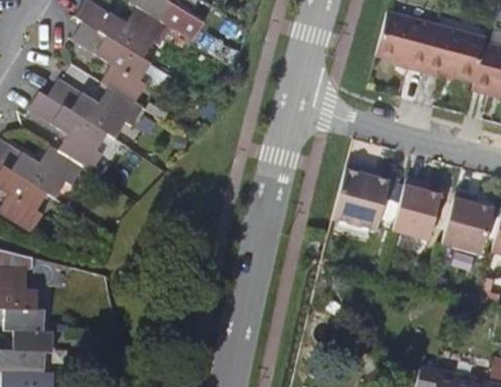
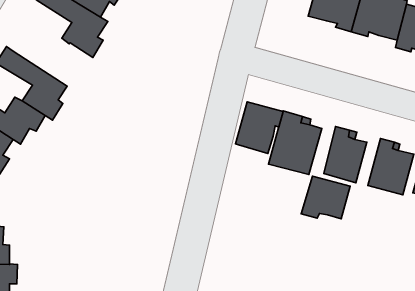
building: [47,76,144,137] -> none
building: none -> [236,102,283,153]
building: none -> [301,176,350,219]

